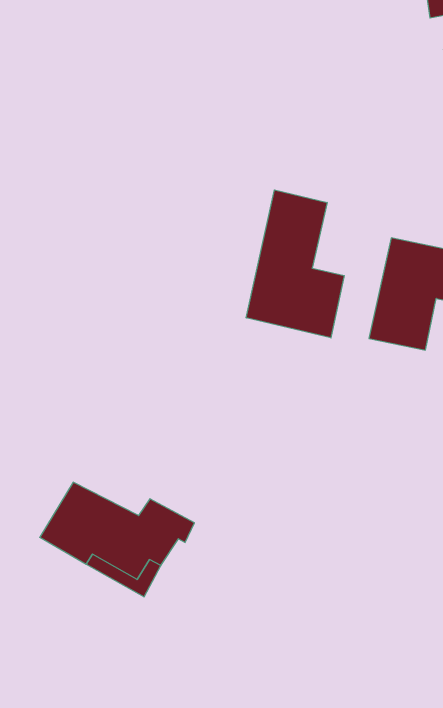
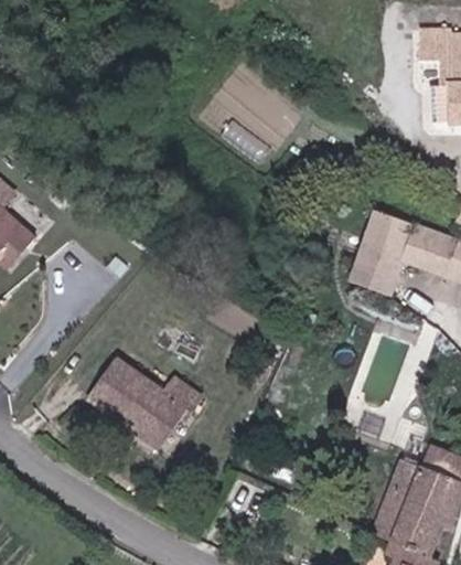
building: [246,190,344,338] -> none

